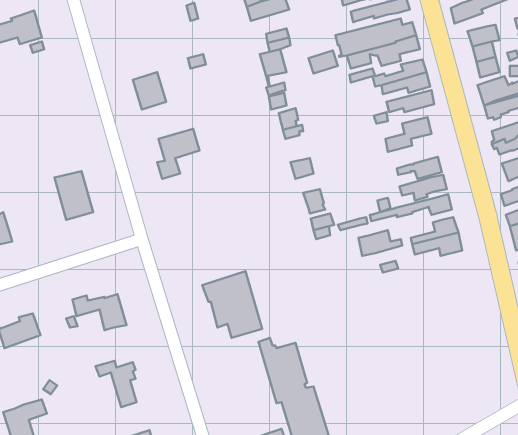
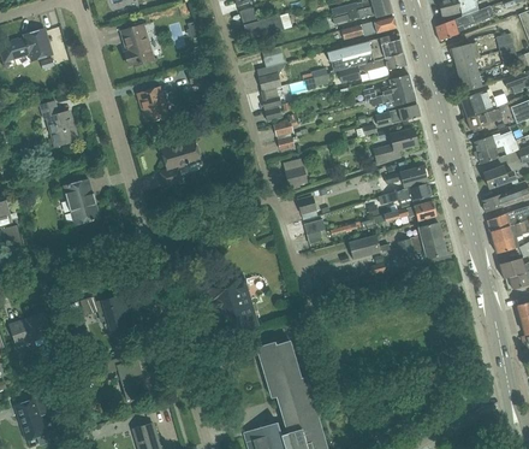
building: none -> [121,24,151,66]
building: none -> [40,101,77,146]

